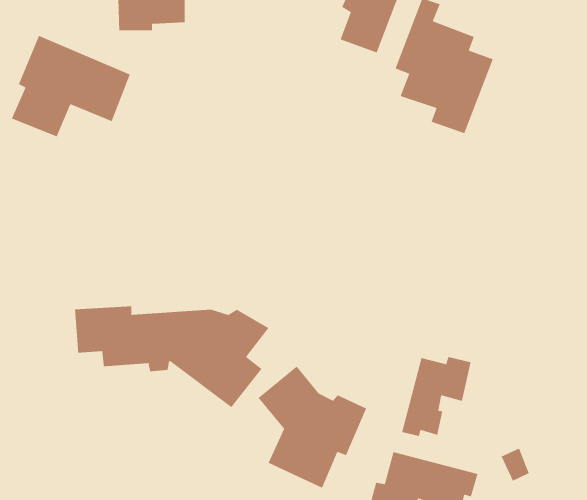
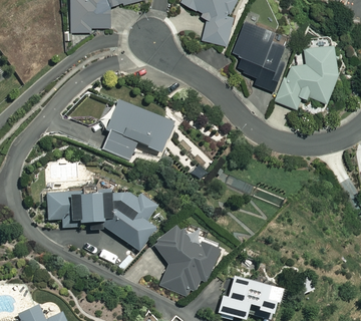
building: [11,35,131,138] -> [102,100,172,160]
building: none -> [277,45,338,107]
building: [401,356,471,437] -> none

